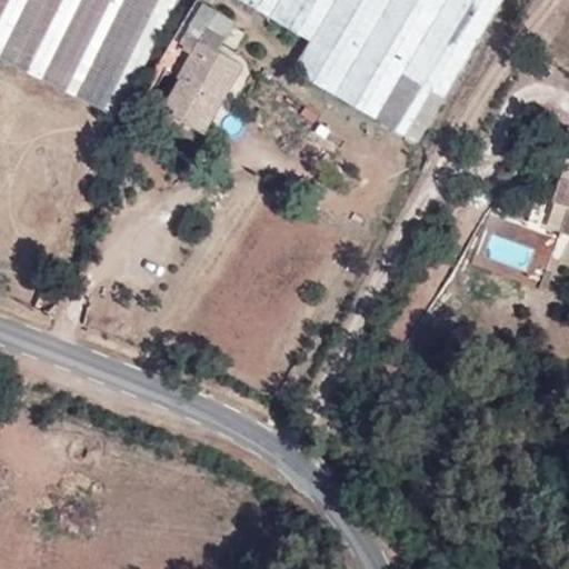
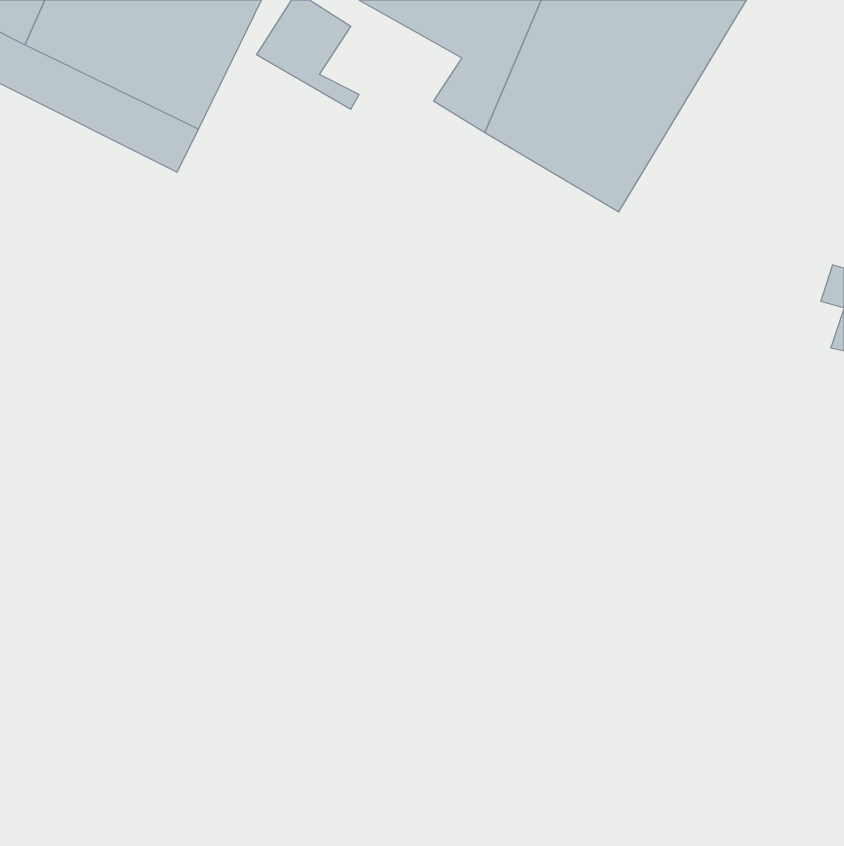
building: [140,37,236,132] -> none

